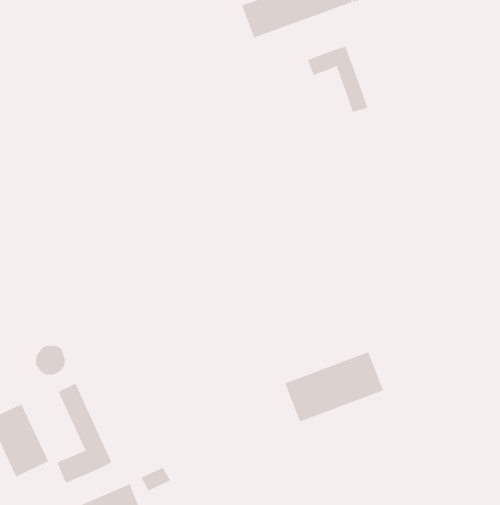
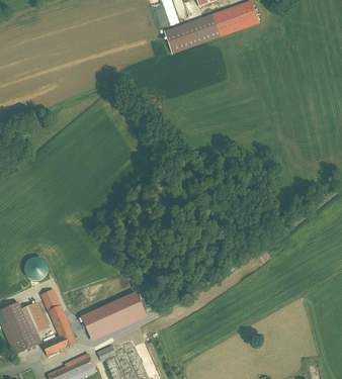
building: [307,46,368,113] -> none
building: [285,351,384,422] -> [79,293,146,341]
building: none -> [22,298,51,330]

